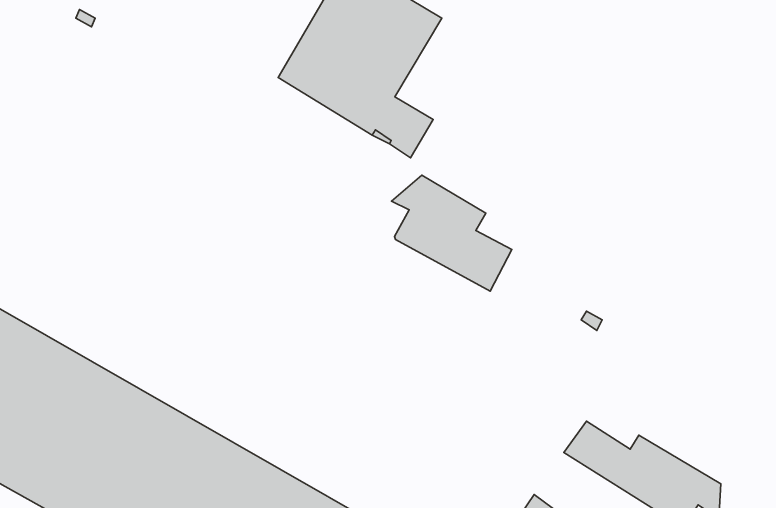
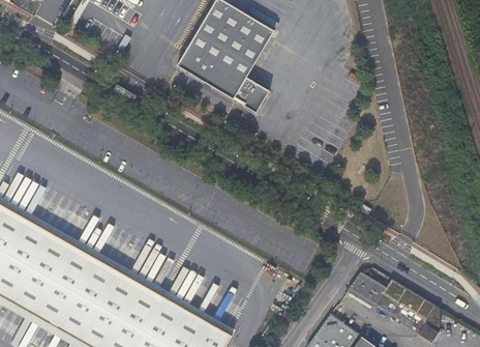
building: [392,175,512,291] -> none

